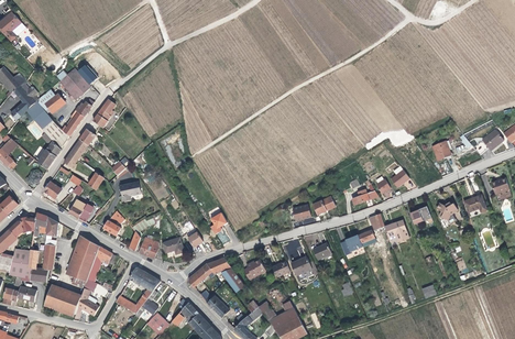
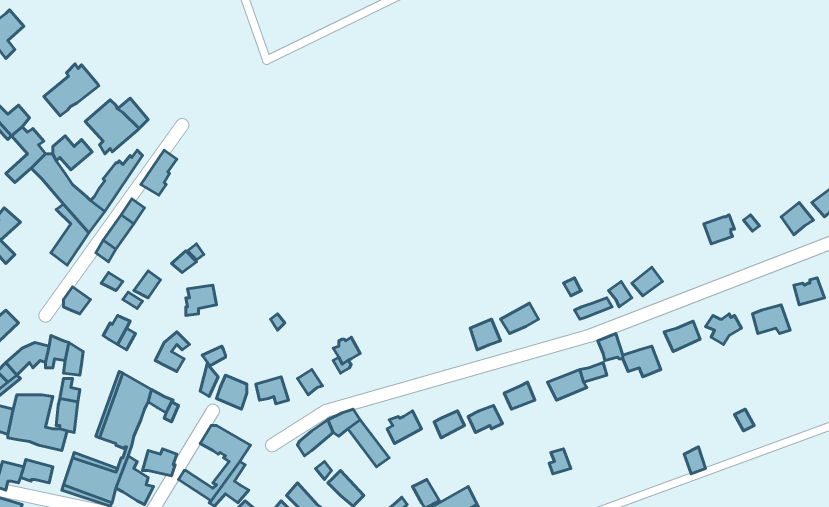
building: none -> [44,64,99,116]

